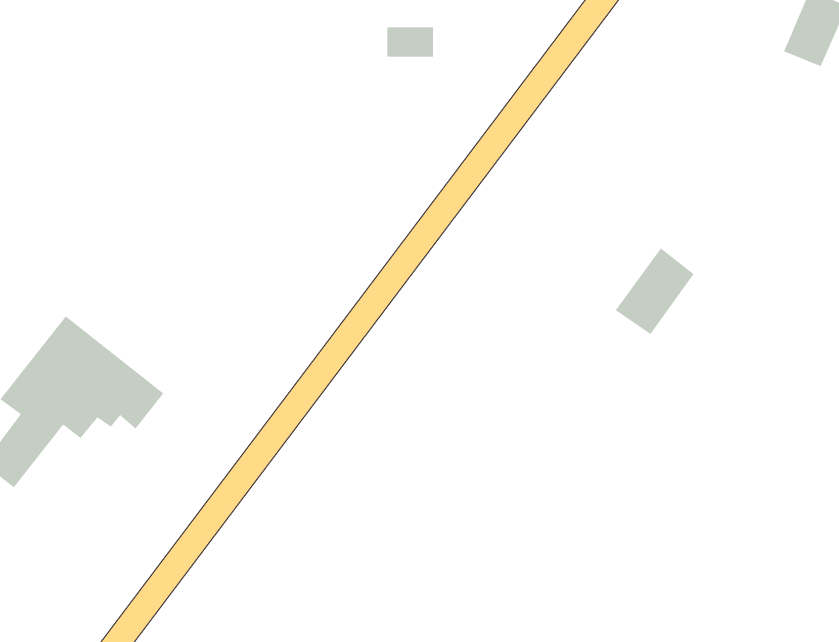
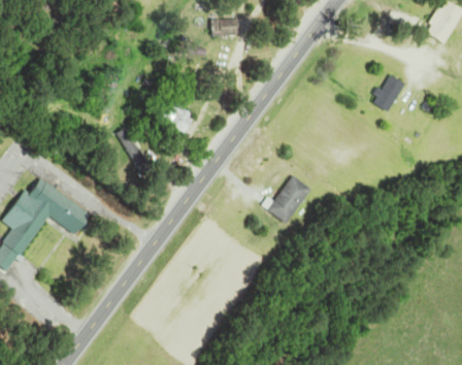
building: none -> [372,72,406,110]
building: [615,248,695,335] -> [268,175,311,223]

